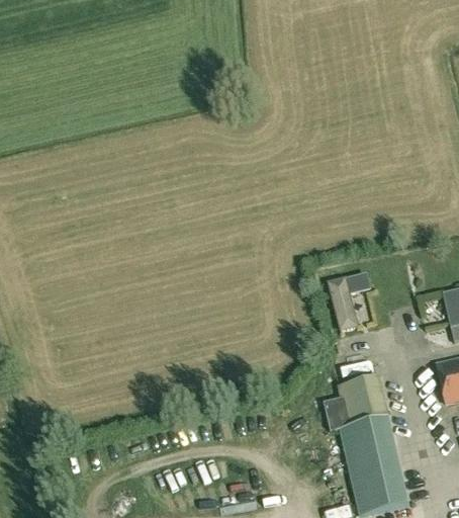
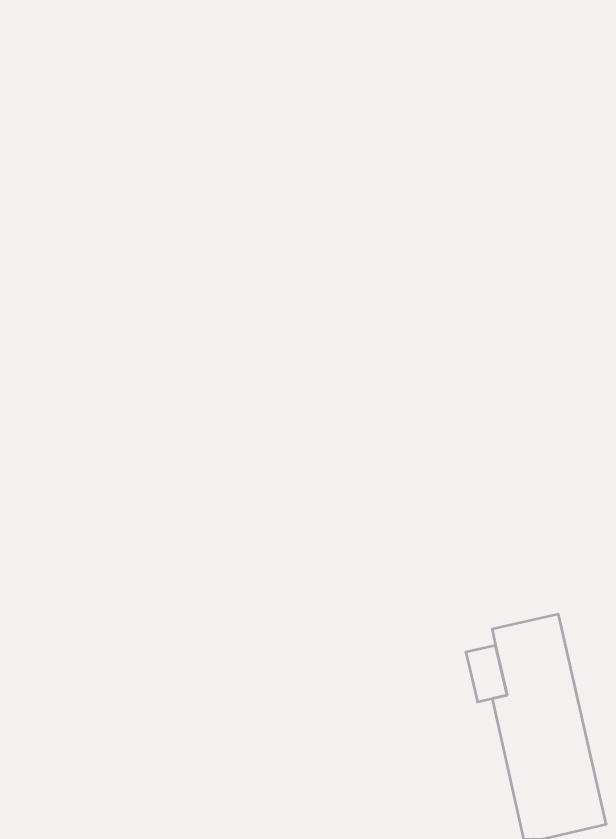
building: [330,273,371,330] -> none

